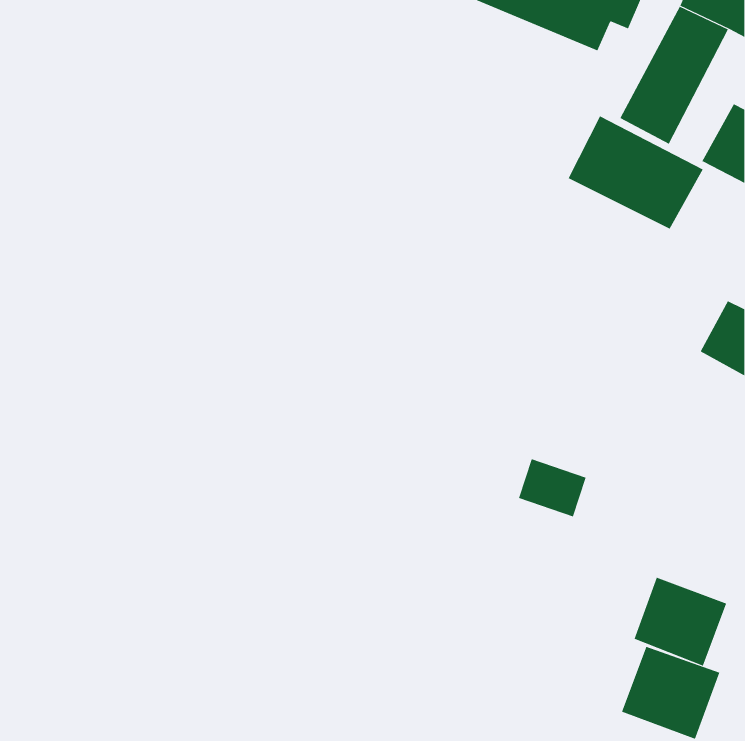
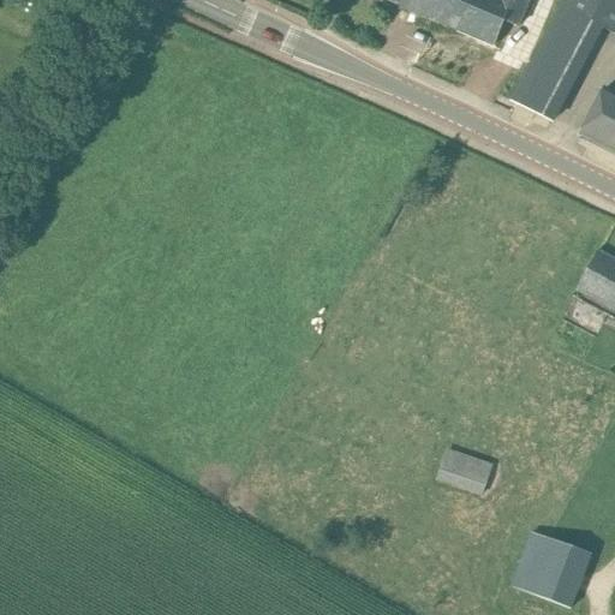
building: [568,116,703,230] -> none
building: [518,459,587,517] -> [436,446,492,494]
building: [634,577,727,666] -> none

